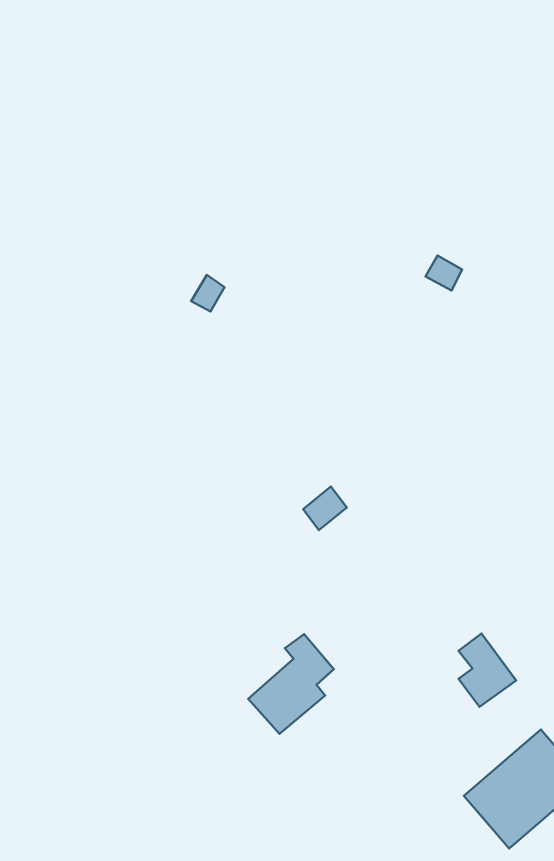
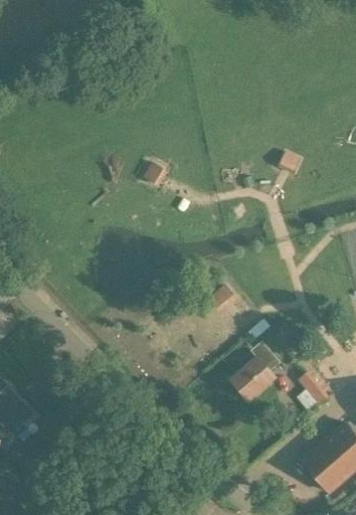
building: [248,634,334,734] -> [229,344,279,401]

